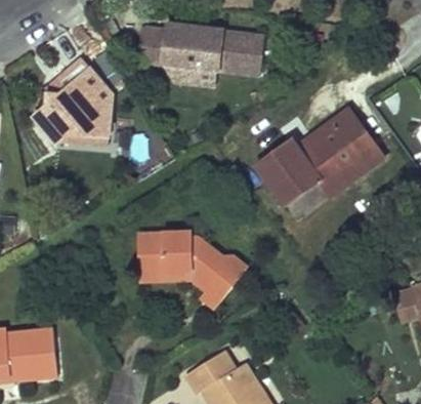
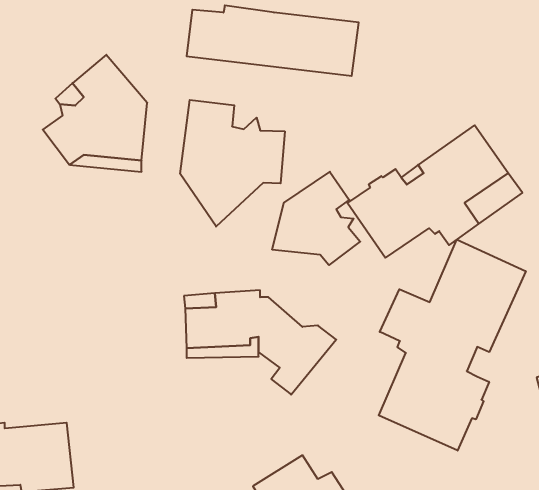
building: none -> [180,100,285,227]
building: none -> [272,172,360,265]
building: none -> [379,240,526,451]

